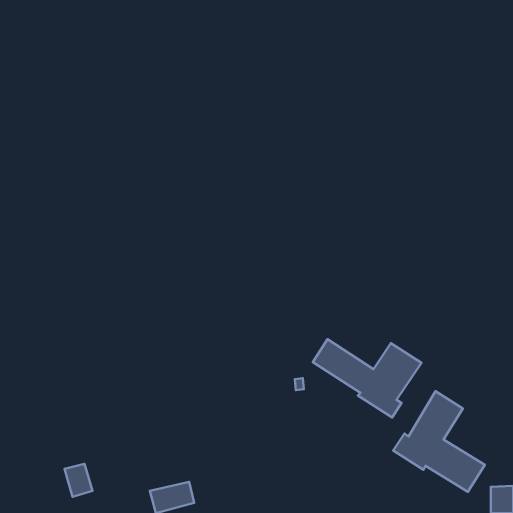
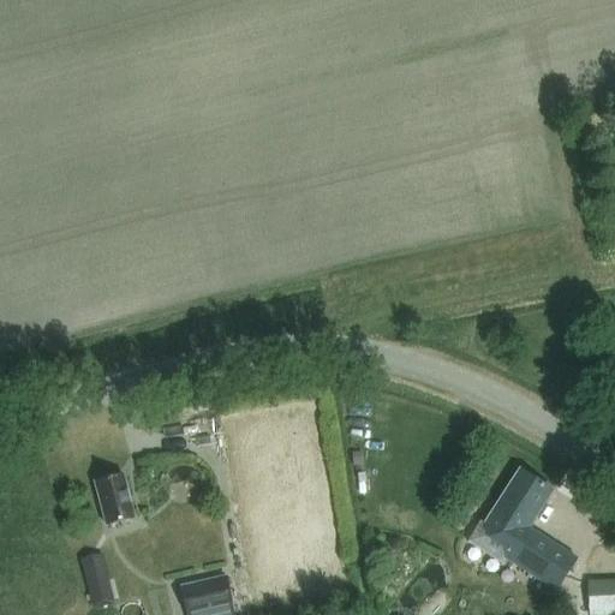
building: [313,339,422,417] -> none
building: none -> [96,471,135,520]

